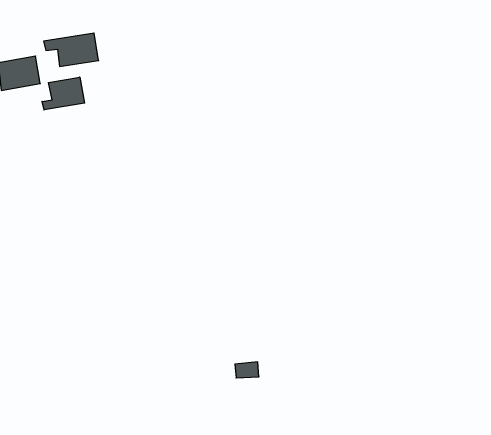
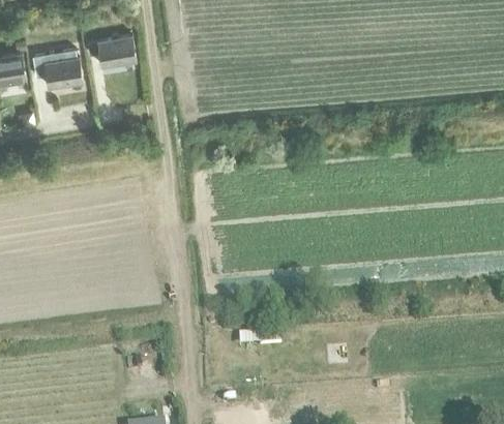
building: [42,77,85,110] -> none

